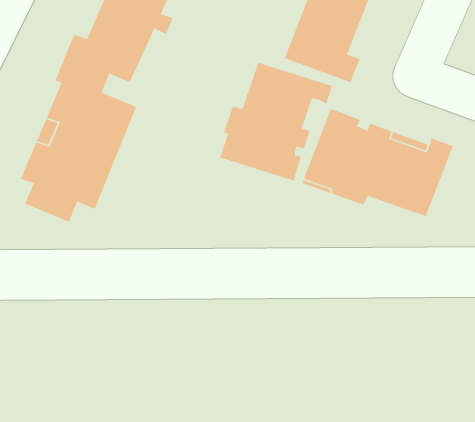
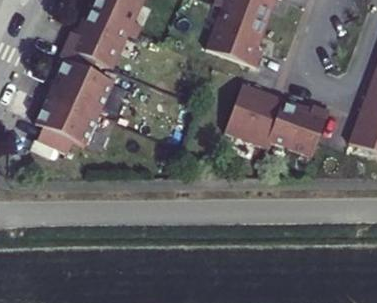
building: [219,62,333,182] -> none

